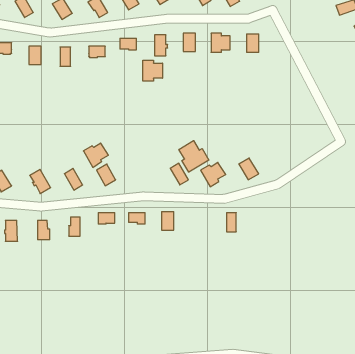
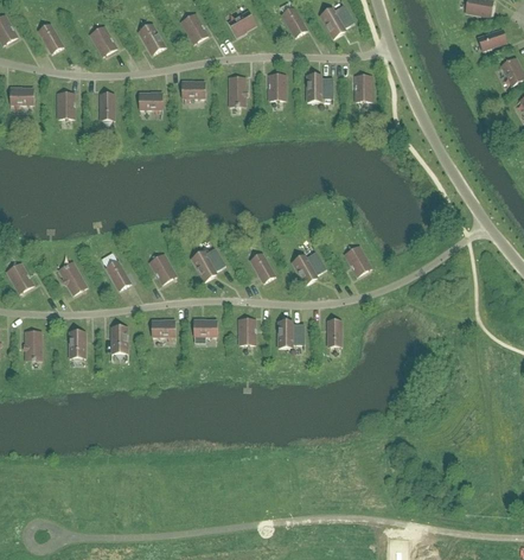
building: [143,60,162,81] -> none
building: [179,141,209,172] -> none
building: [83,143,108,167] -> [191,248,225,281]
building: none -> [277,320,303,346]

